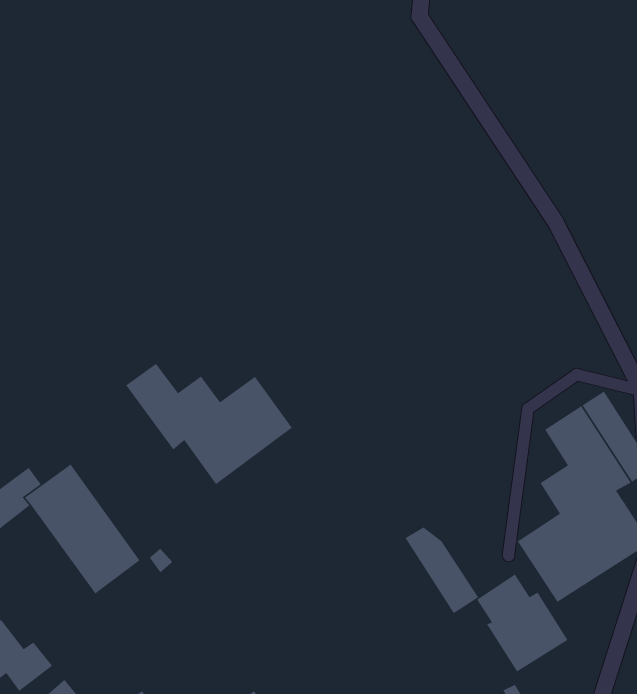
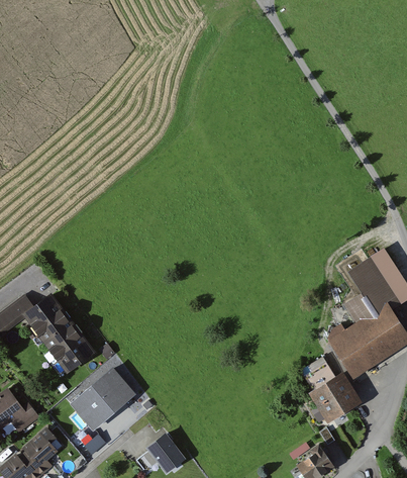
building: [125,363,293,485] -> none
building: [404,526,479,614] -> none
building: none -> [69,368,134,432]

